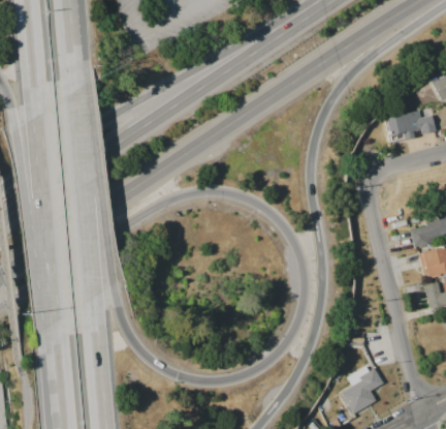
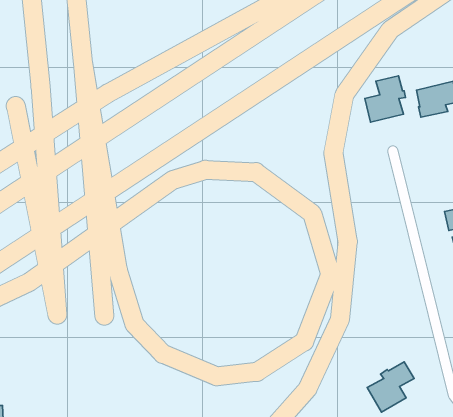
building: none -> [365,76,405,122]

